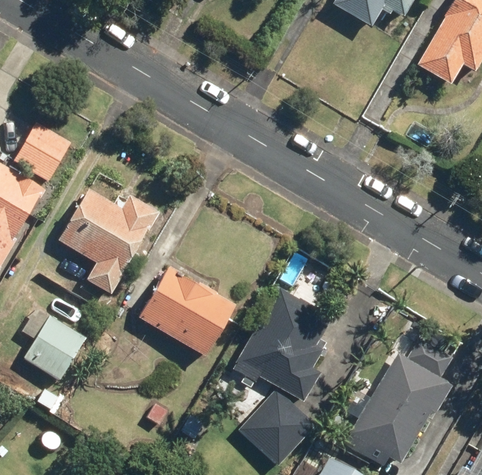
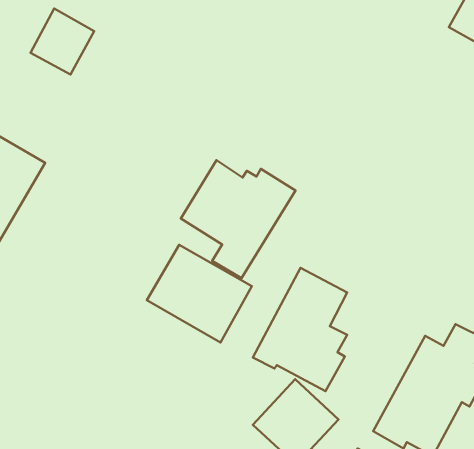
building: [13,120,72,181] -> [30,8,94,75]
building: [56,186,162,295] -> [181,160,296,278]
building: [18,307,84,382] -> none

